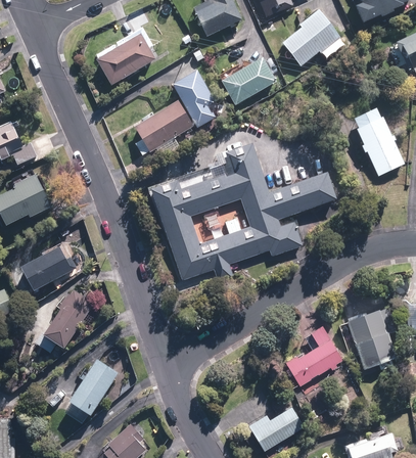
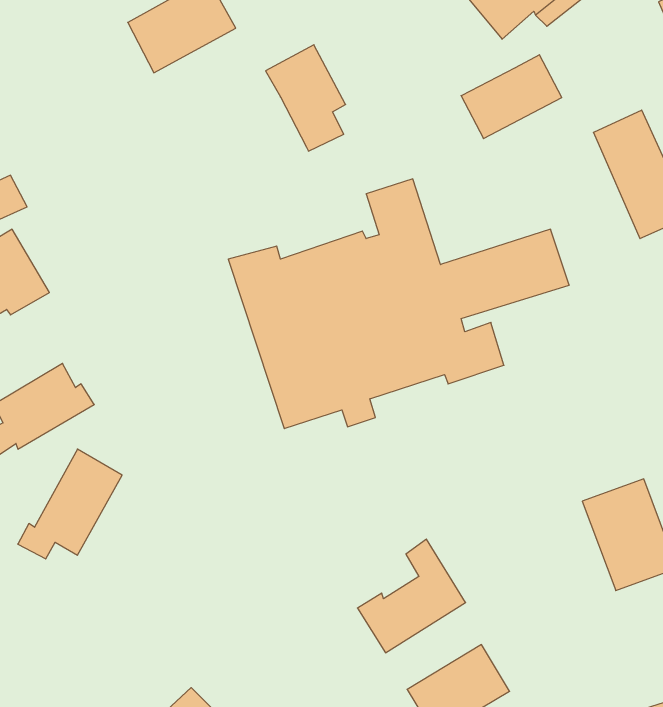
building: [221,57,276,103] -> [461,55,562,139]
building: [133,98,193,158] -> none
building: [283,324,342,386] -> [357,539,466,653]
building: [68,359,118,416] -> none

